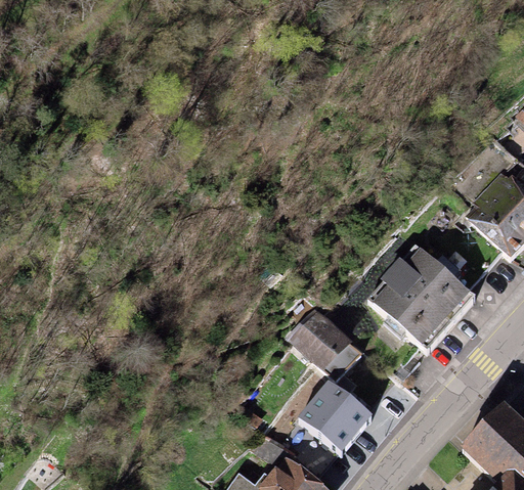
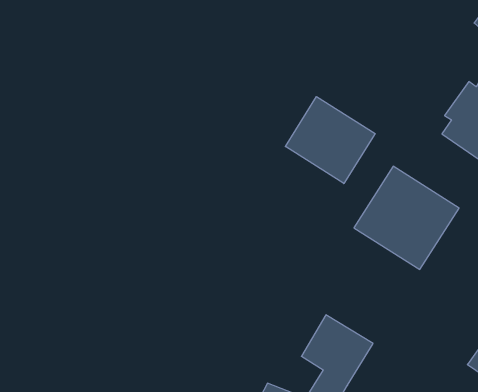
building: none -> [285,97,375,184]
building: [288,310,361,381] -> none

